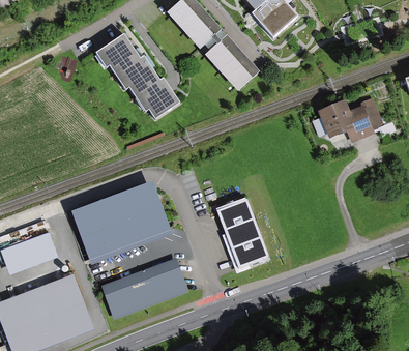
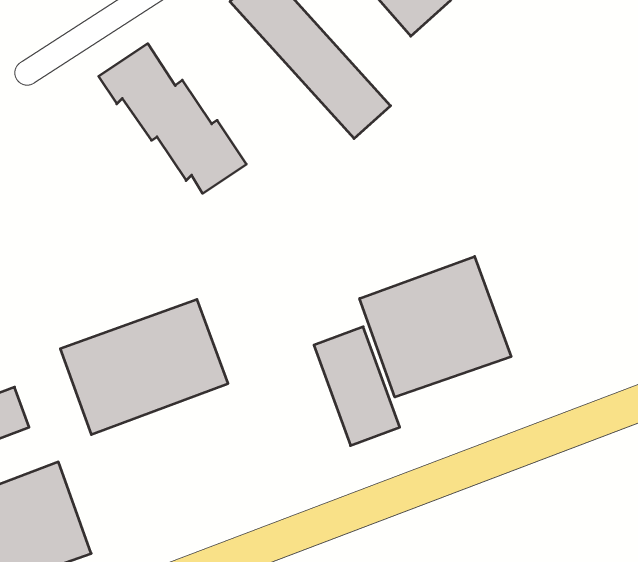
building: [323,100,386,146] -> none
building: none -> [360,256,511,397]
building: [101,258,185,316] -> none

